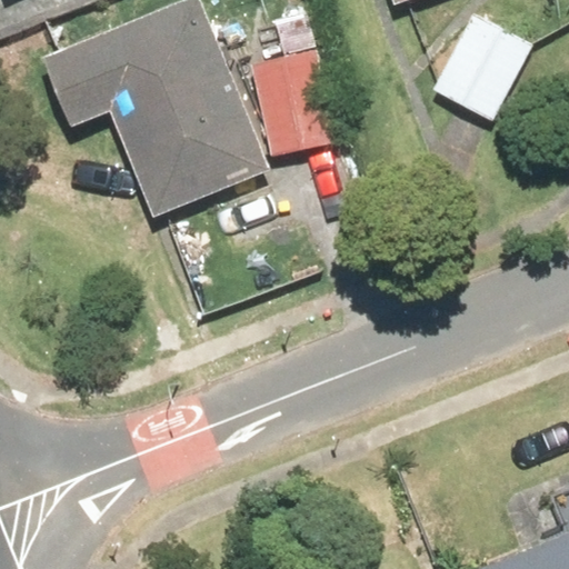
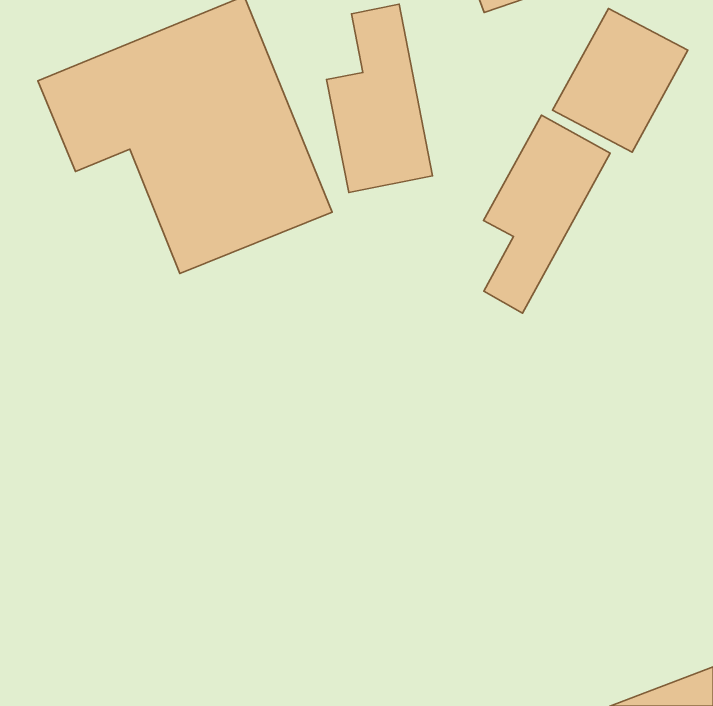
building: none -> [484,115,610,313]

